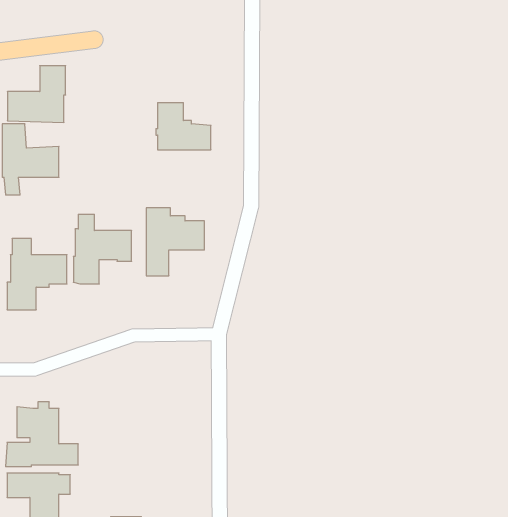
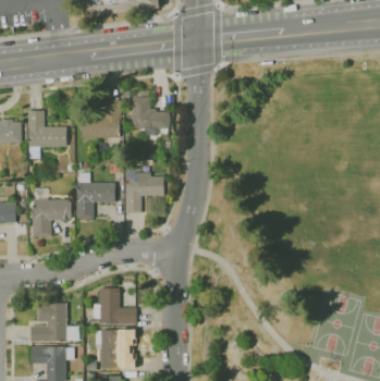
building: [7,66,66,122] -> [82,100,121,138]
building: none -> [94,288,137,323]
building: none -> [96,329,137,368]

